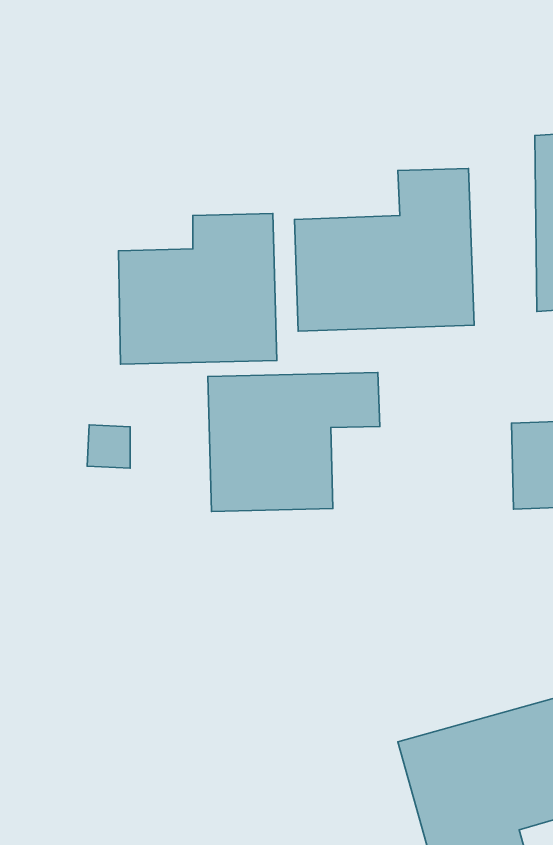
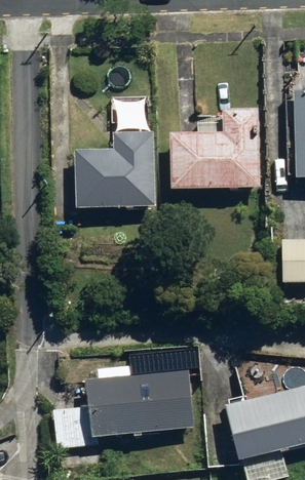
building: [208,373,380,512] -> none
building: none -> [52,360,194,443]

